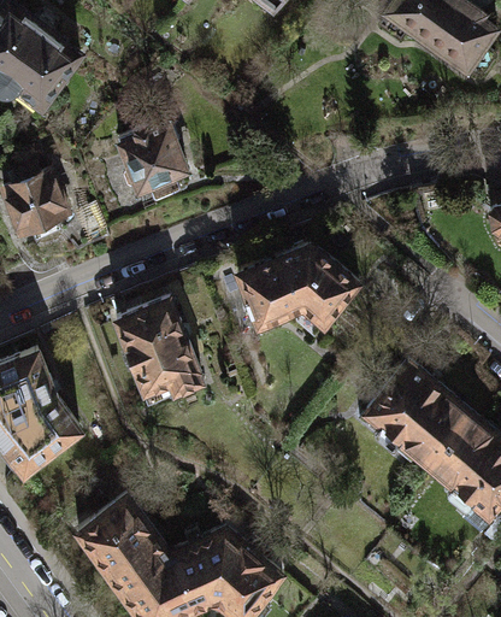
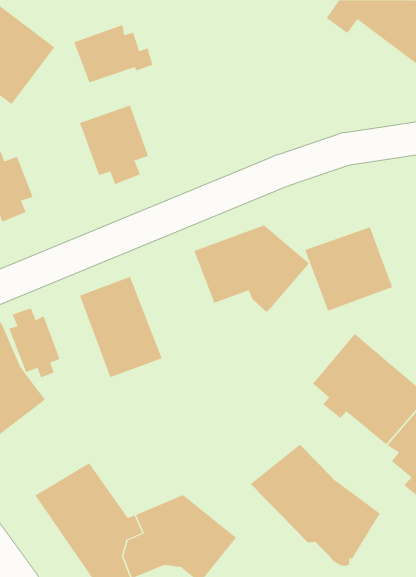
building: none -> [74,24,153,83]
building: none -> [305,226,393,311]
building: none -> [9,307,60,378]
building: none -> [250,444,381,567]

